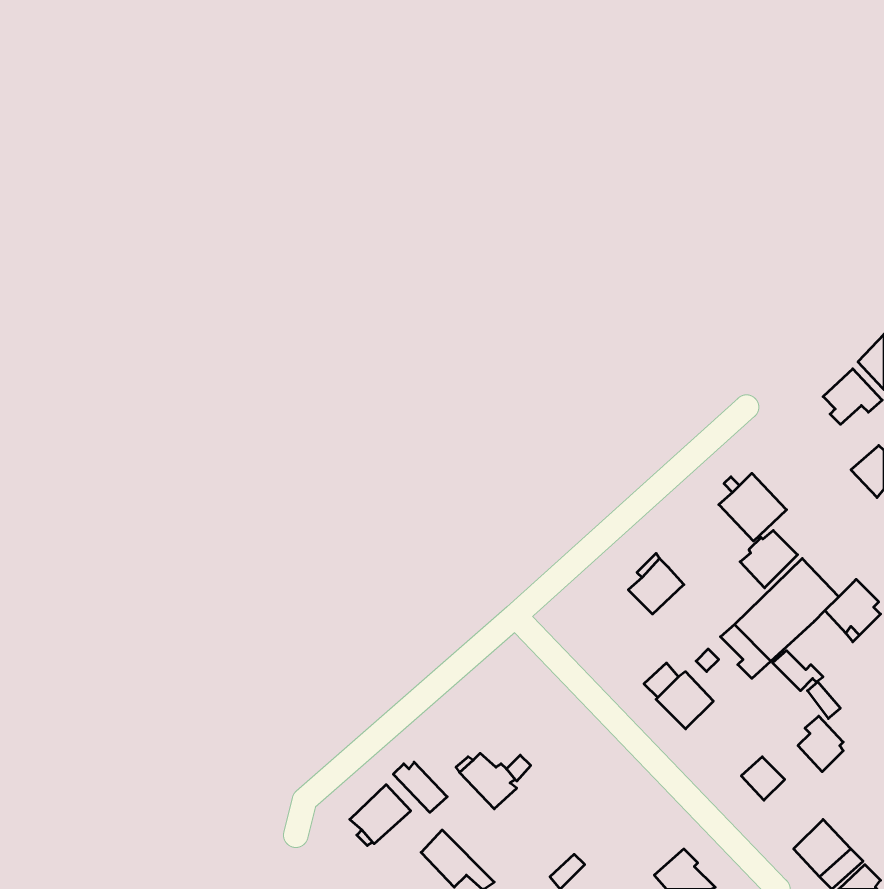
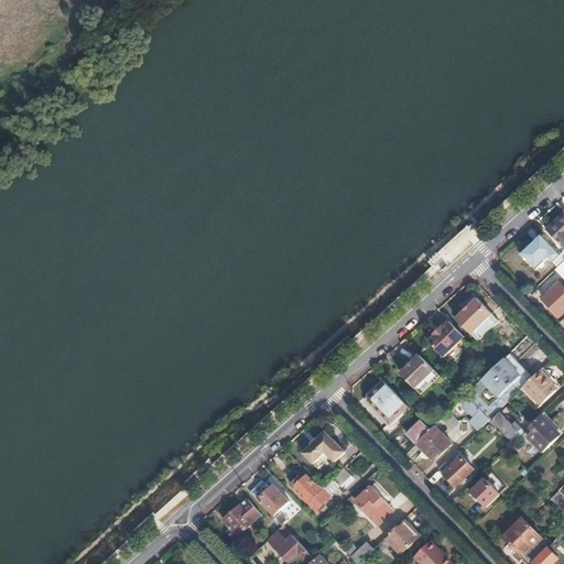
building: [740,530,798,588] -> [427,321,464,357]
building: none -> [369,381,408,423]
building: none -> [300,429,344,467]
building: [798,716,843,772] -> [524,417,553,453]
building: none -> [436,457,471,486]
building: none -> [352,485,392,524]
building: none -> [387,517,421,551]

